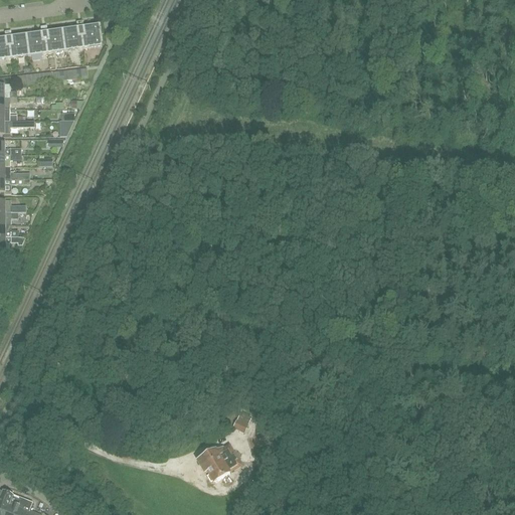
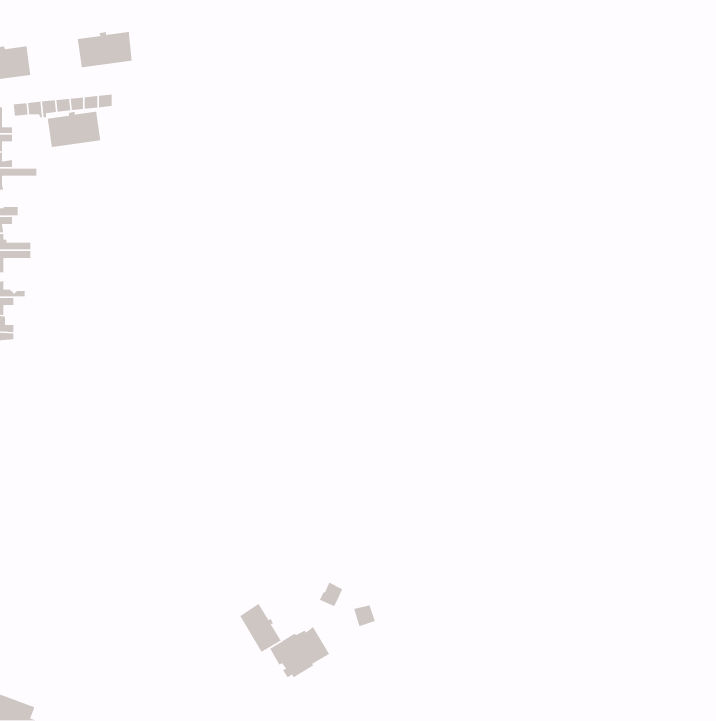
building: [19,27,57,53] -> [47,111,101,148]
building: none -> [239,603,282,653]

